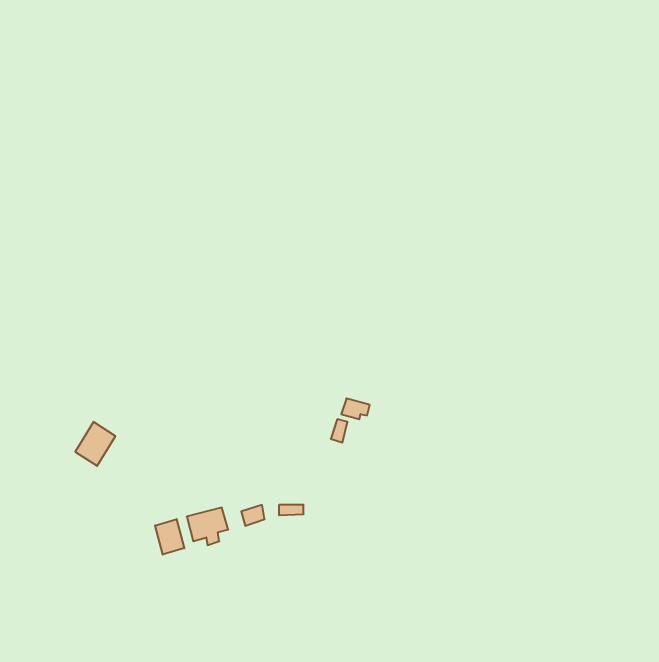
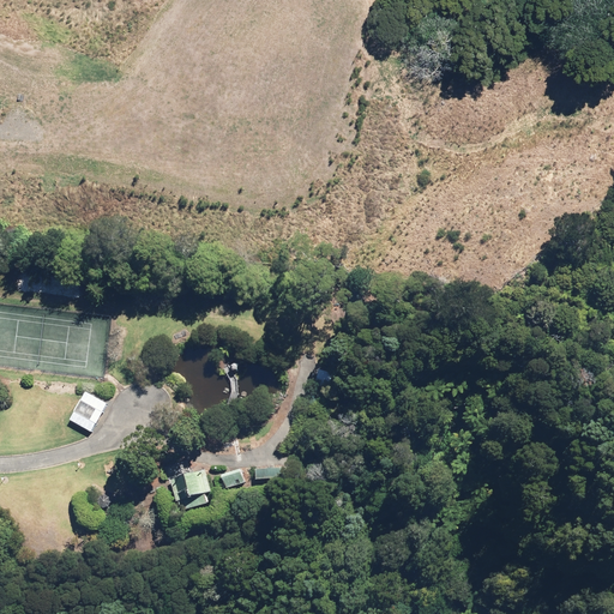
building: [155,519,184,555] -> none

